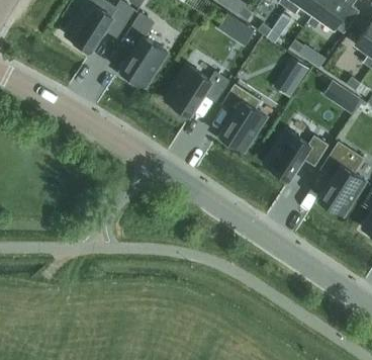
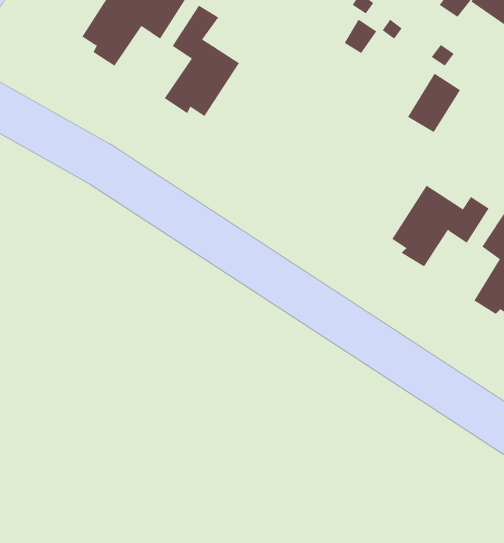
building: [166,65,228,118] -> none
building: [218,85,267,151] -> none

